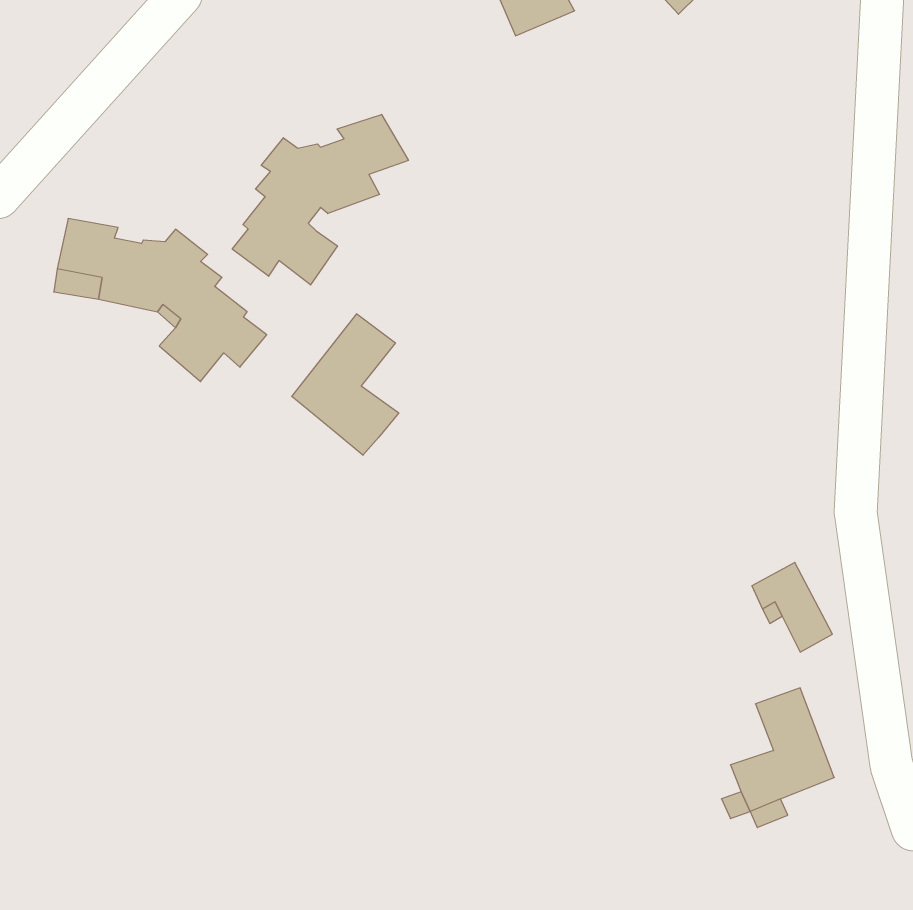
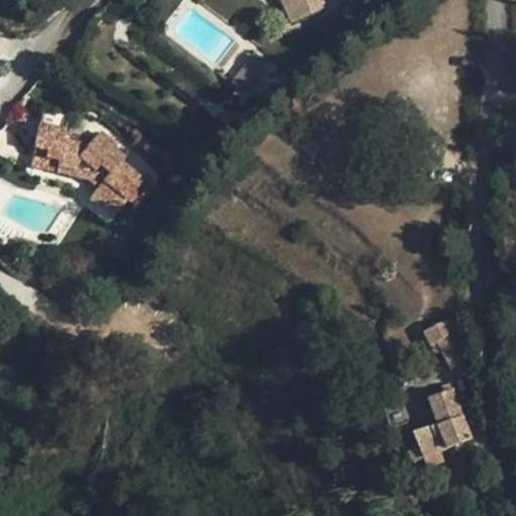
building: [232,114,408,285] -> none
building: [292,314,399,455] -> none

